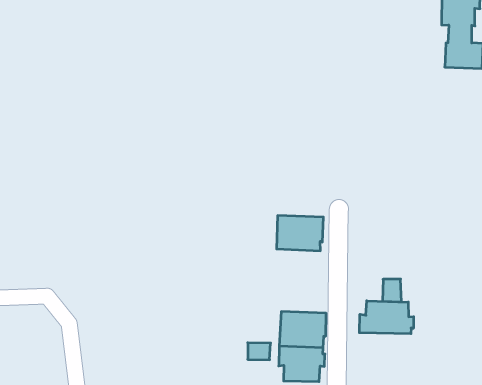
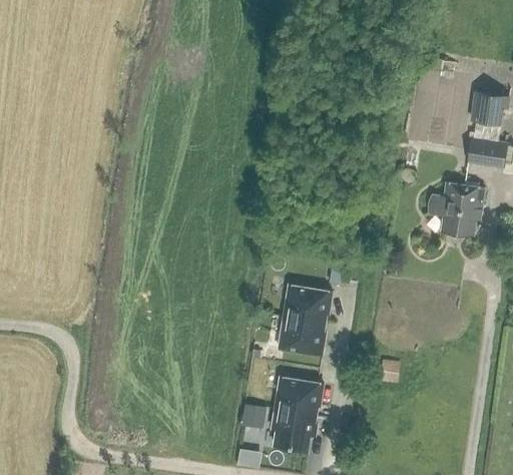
building: none -> [429,182,485,235]
building: none -> [279,317,327,355]
building: [359,301,414,334] -> none

